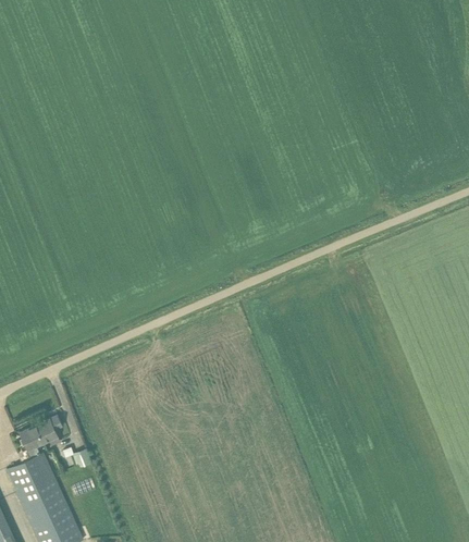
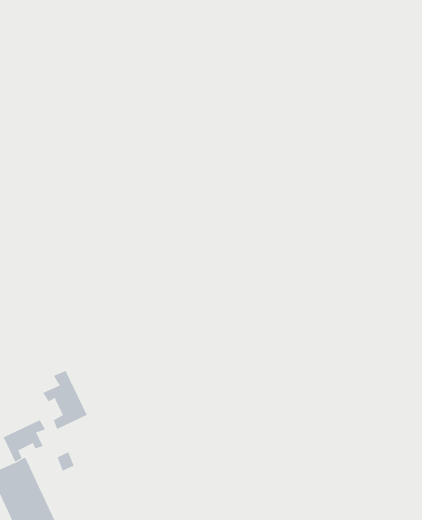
building: none -> [43,370,88,430]

